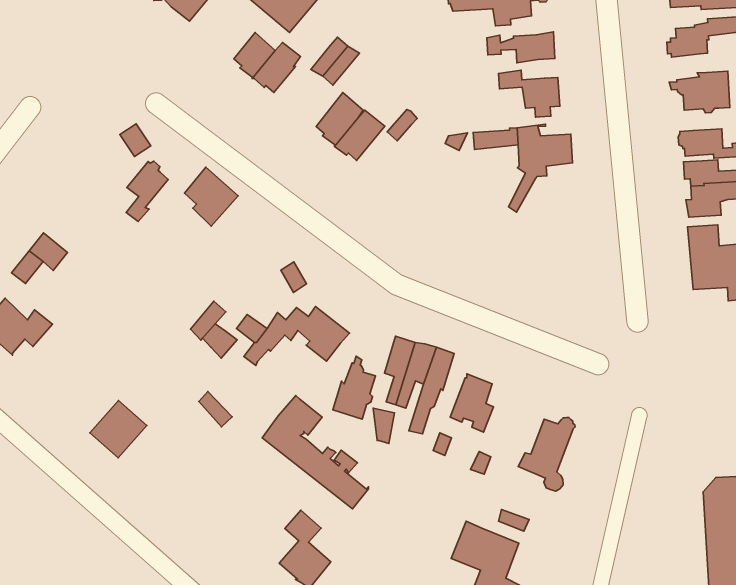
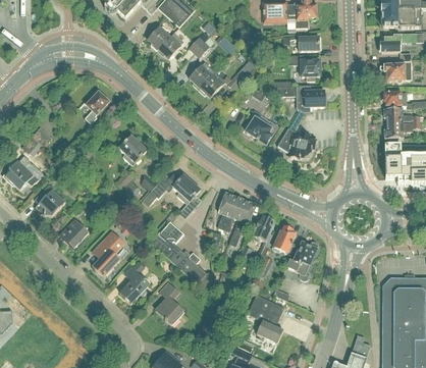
building: [184,167,238,226] -> [119,135,148,166]
building: none -> [246,110,277,144]
building: none -> [277,127,317,159]
building: none -> [36,183,66,216]
building: [333,356,375,419] -> none
building: none -> [272,225,297,253]
building: none -> [93,231,125,277]
building: none -> [120,260,150,303]

